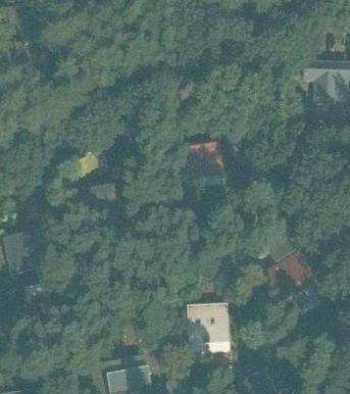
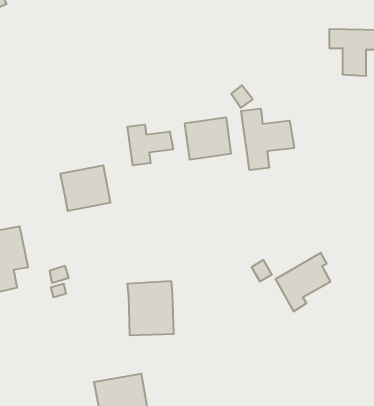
building: none -> [241,109,294,170]
building: none -> [127,125,173,165]
building: [189,304,229,350] -> [127,281,174,335]

